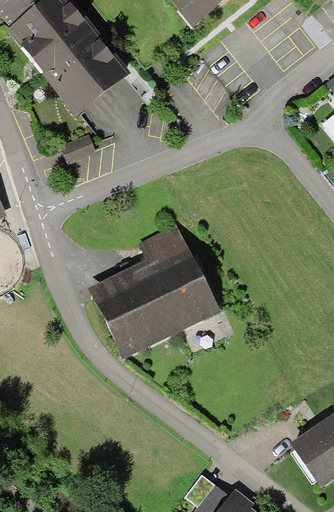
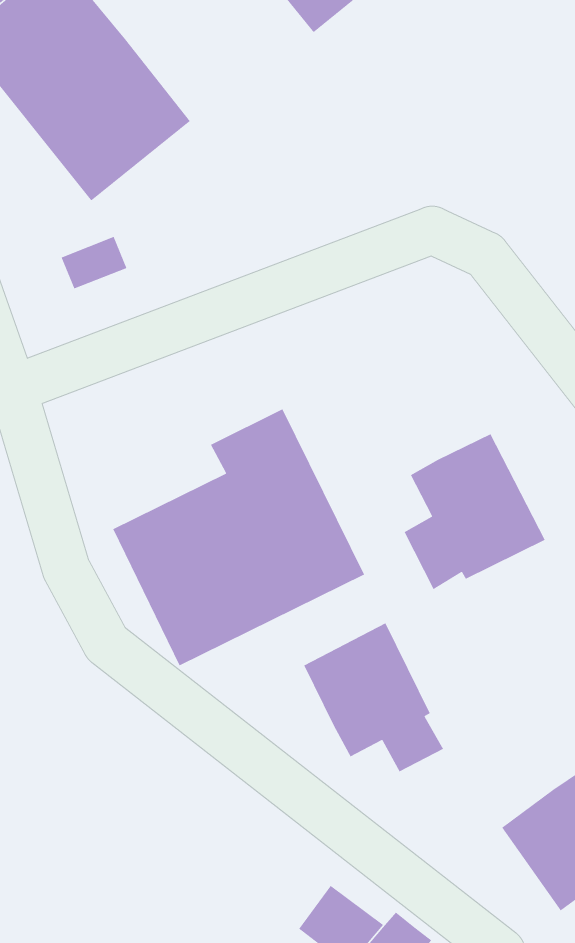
building: none -> [403,433,546,590]
building: none -> [303,622,444,773]

